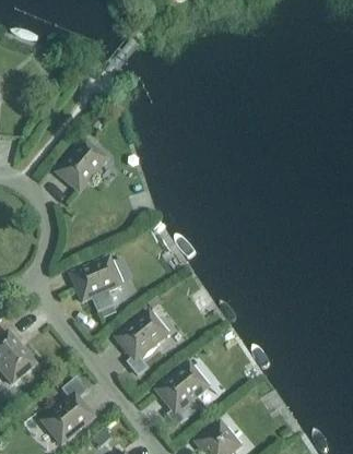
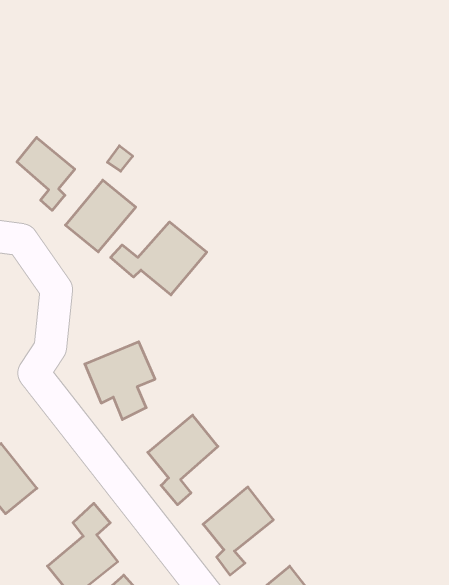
building: none -> [17,137,75,210]
building: none -> [111,222,207,295]

